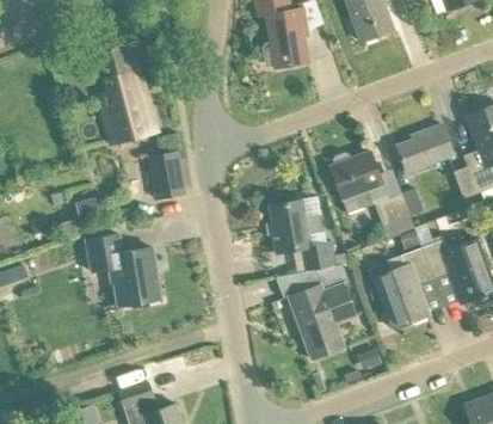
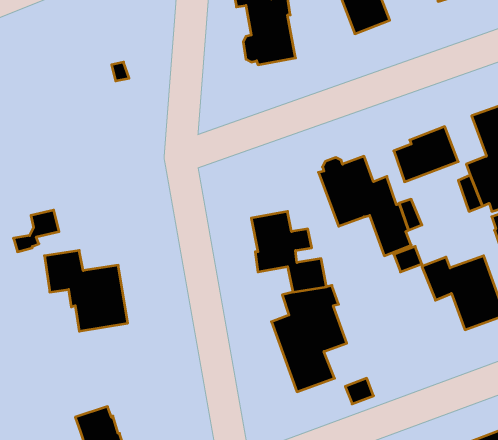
building: [94,42,159,146] -> none
building: [144,150,185,198] -> none
building: [374,248,433,330] -> none

